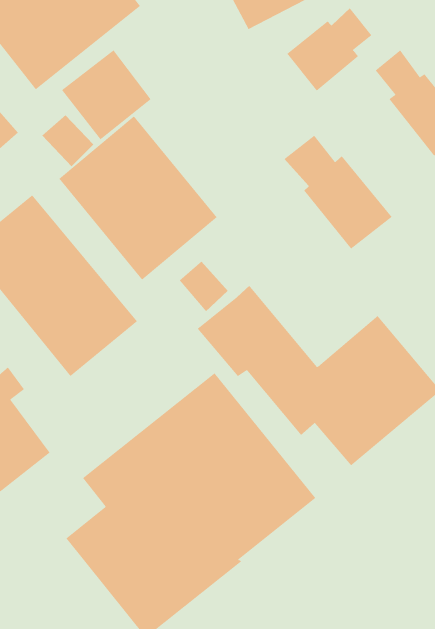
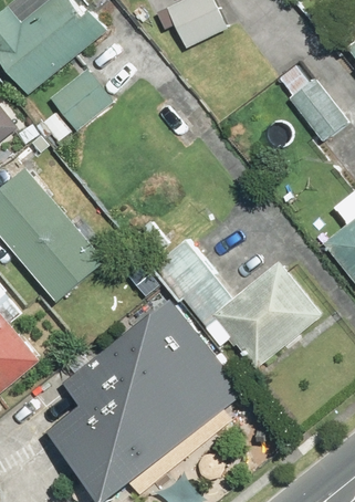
building: [287,8,372,91] -> none
building: [58,116,218,280] -> none
building: [284,135,392,250] -> none

